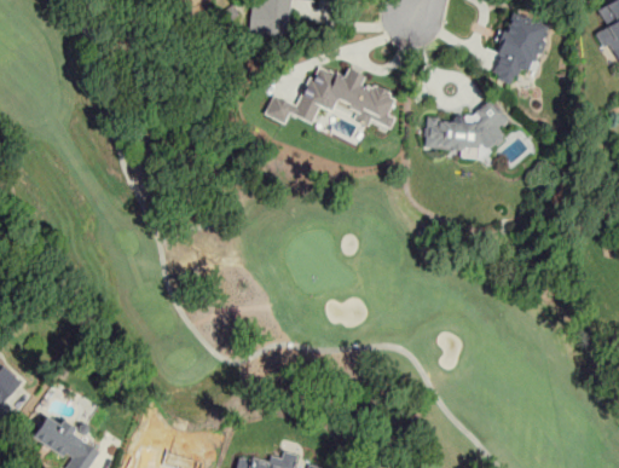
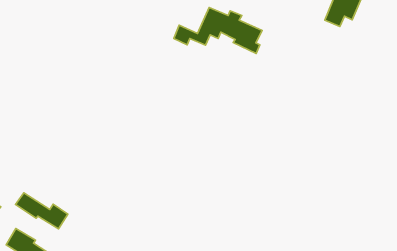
building: [426,104,505,150] -> none
building: none -> [16,193,68,229]

